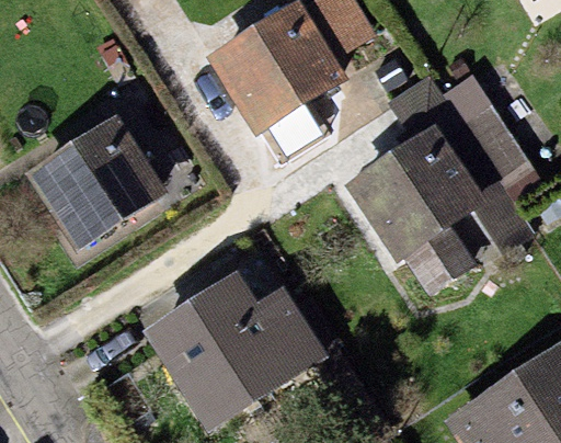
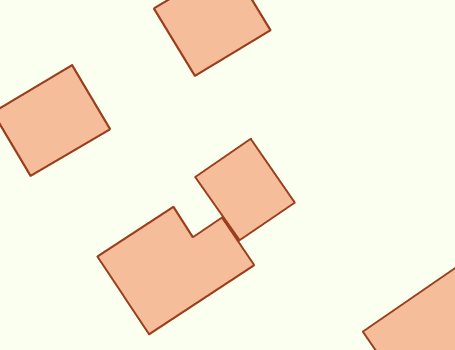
building: [351,104,524,288] -> none
building: none -> [195,139,295,240]

